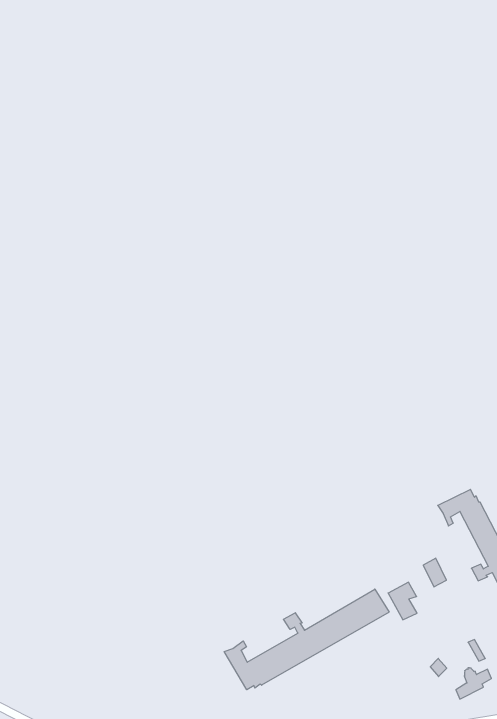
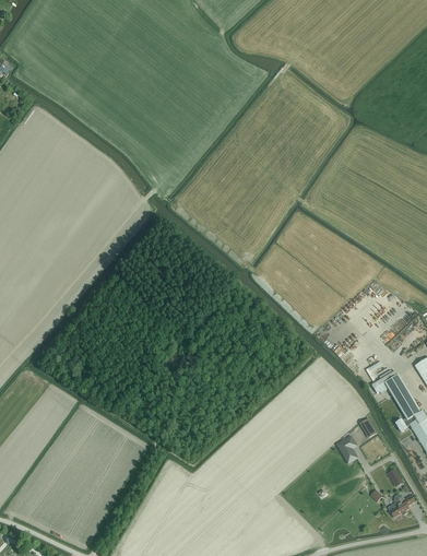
building: [224,589,389,690] -> none

